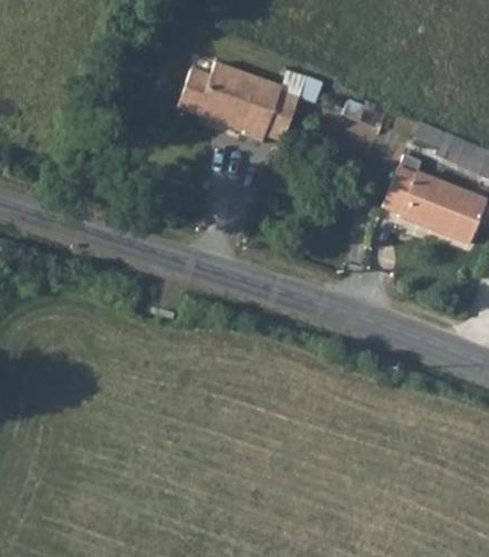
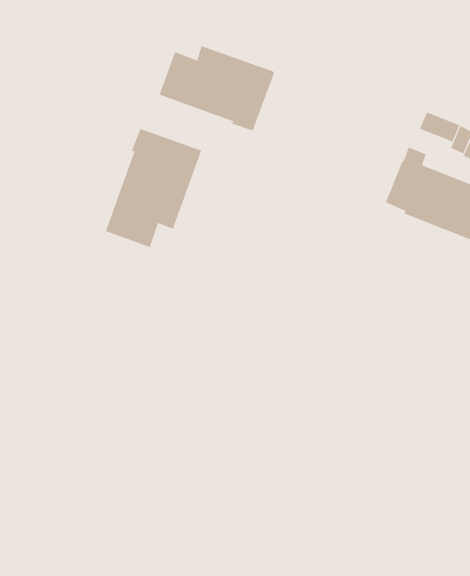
building: none -> [105,128,202,248]

